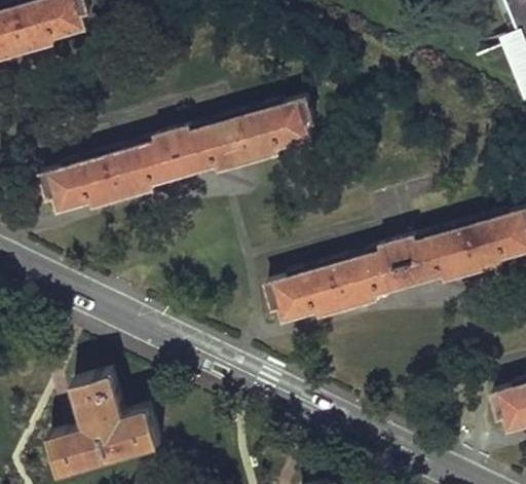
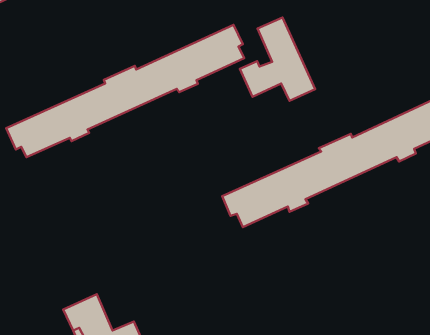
building: none -> [240,17,315,101]

